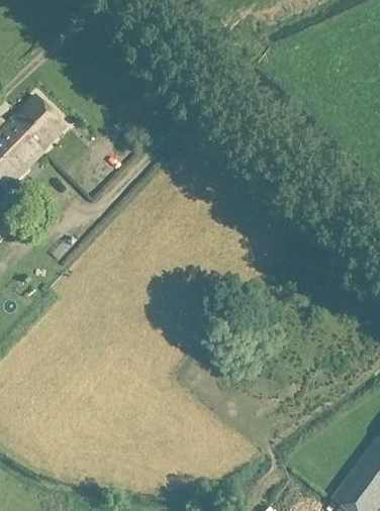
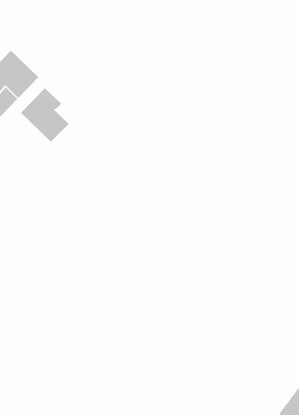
building: none -> [20,87,69,143]

